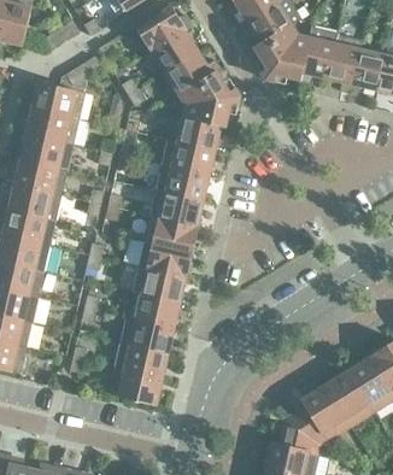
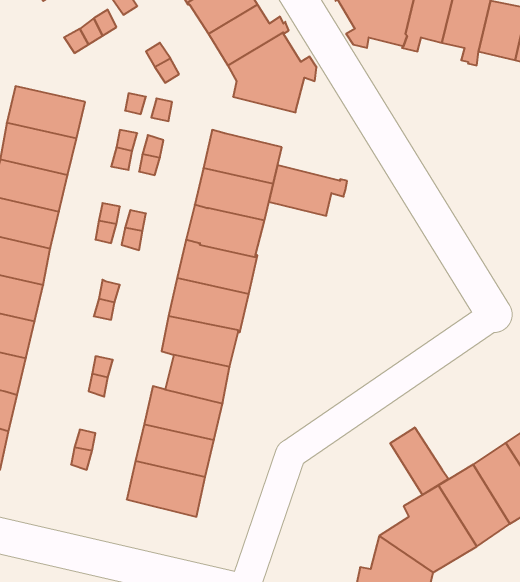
building: [31,80,86,118] -> none
building: [176,115,230,149] -> [269,165,347,216]
building: none -> [390,427,448,495]

